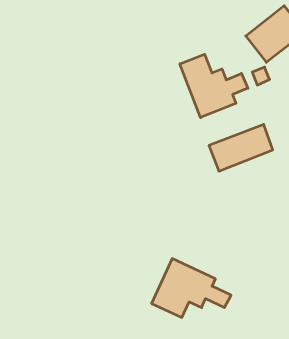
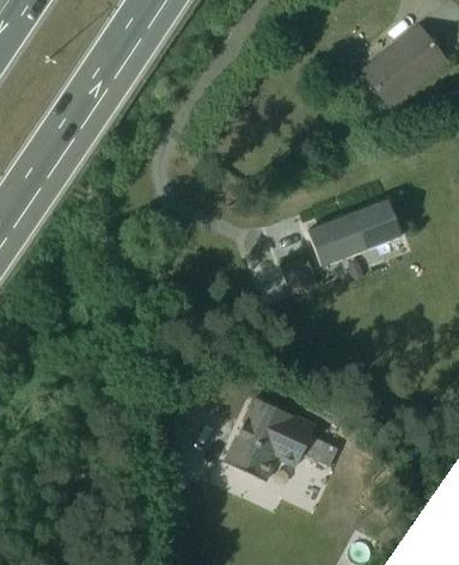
building: [180,54,248,118] -> none

